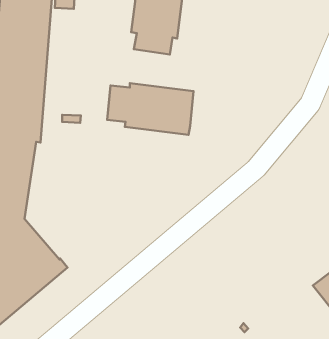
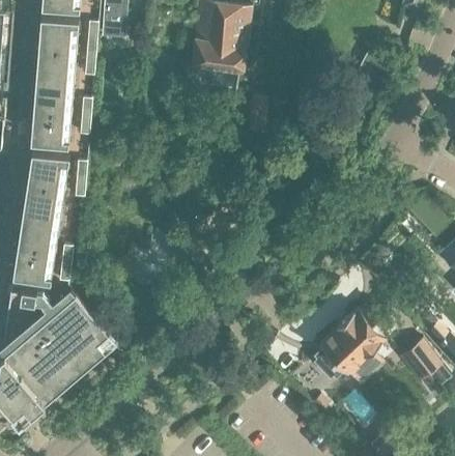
building: [107,83,194,135] -> none
building: none -> [312,304,391,381]

